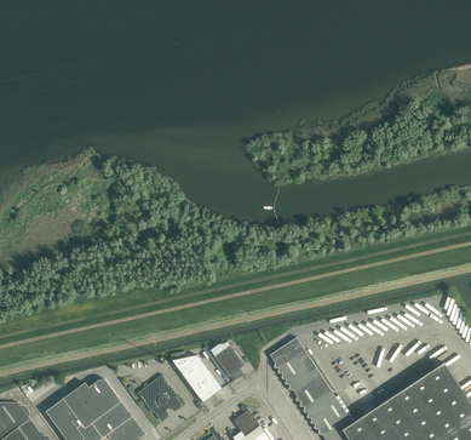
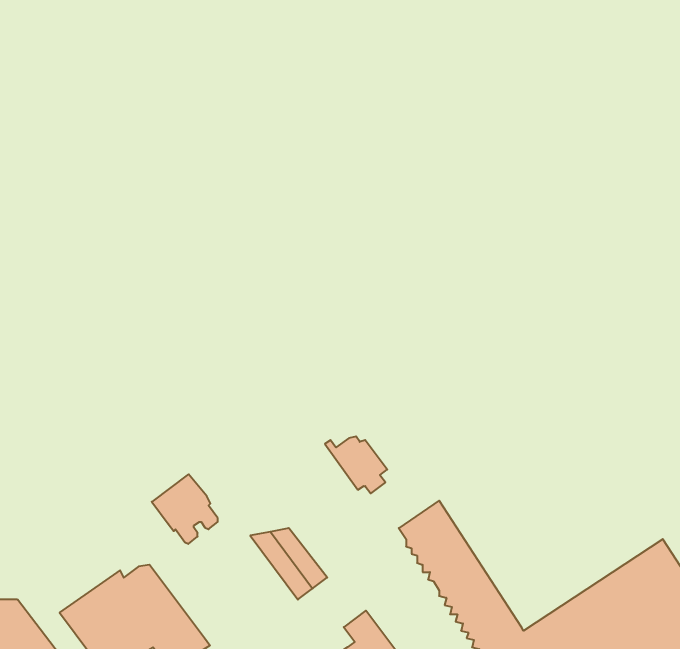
building: [202,343,243,381] -> [325,436,387,493]
building: [137,375,180,421] -> [152,474,218,544]

